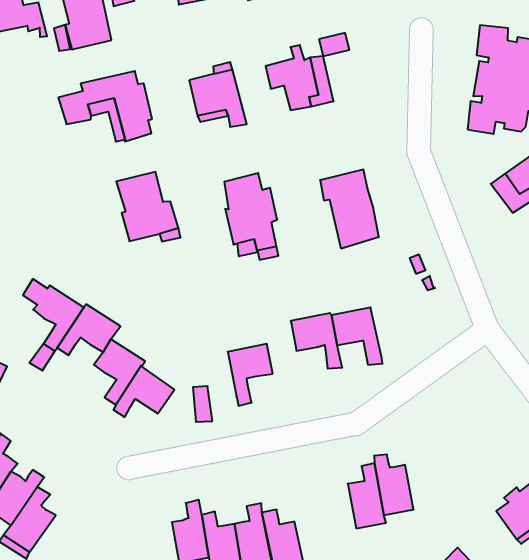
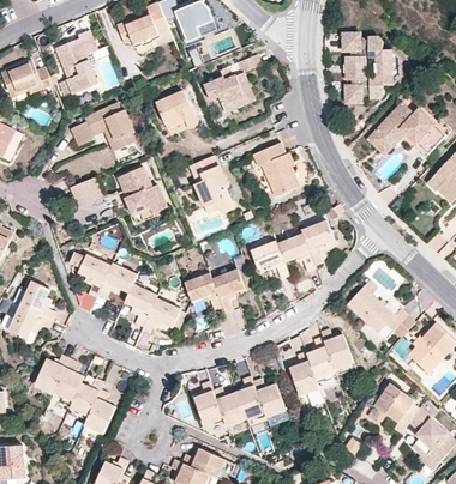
building: none -> [70,175,107,208]
building: none -> [300,220,334,265]
building: none -> [184,273,222,310]
building: none -> [347,285,408,332]
building: none -> [289,351,319,395]

